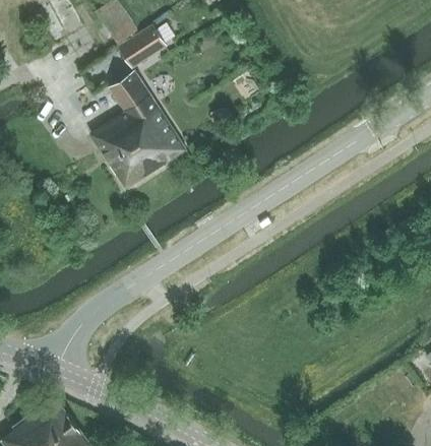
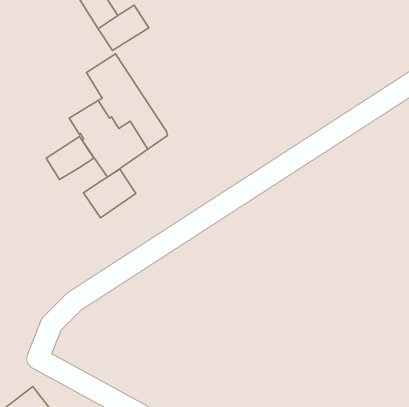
building: none -> [46,136,94,180]
building: none -> [84,169,136,218]

